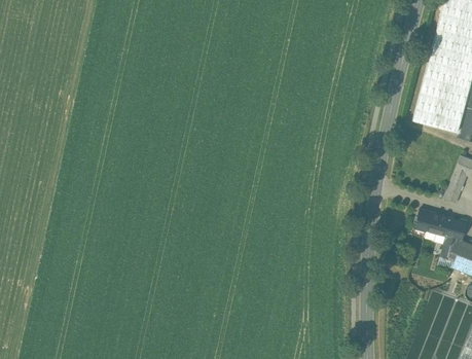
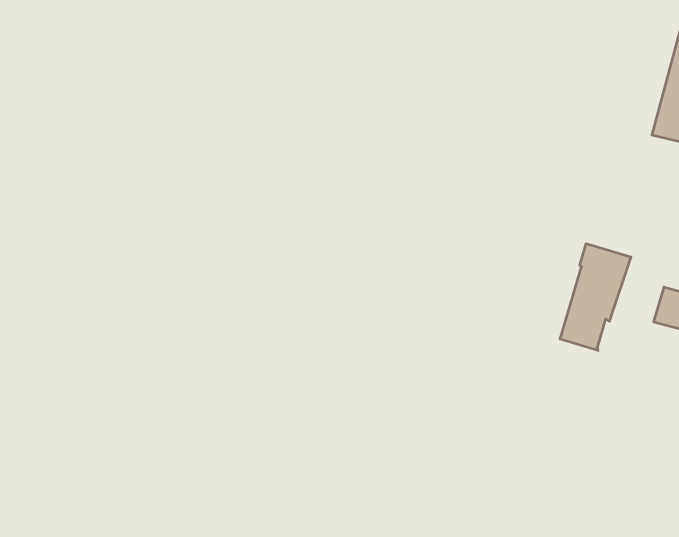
building: none -> [560,244,631,351]

